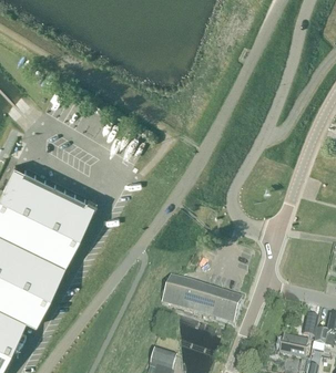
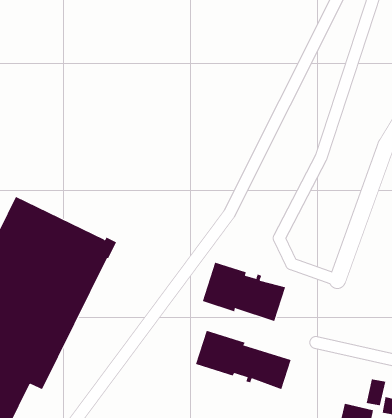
building: none -> [202,262,286,322]

